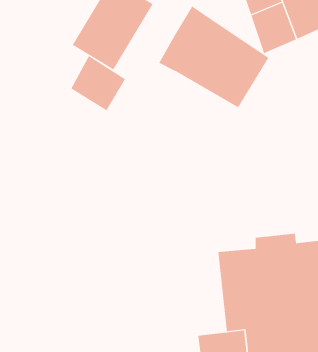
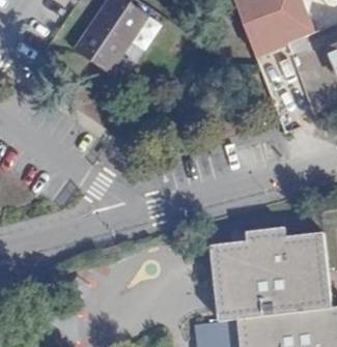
building: [158,6,269,108] -> none
building: [71,55,126,111] -> none

